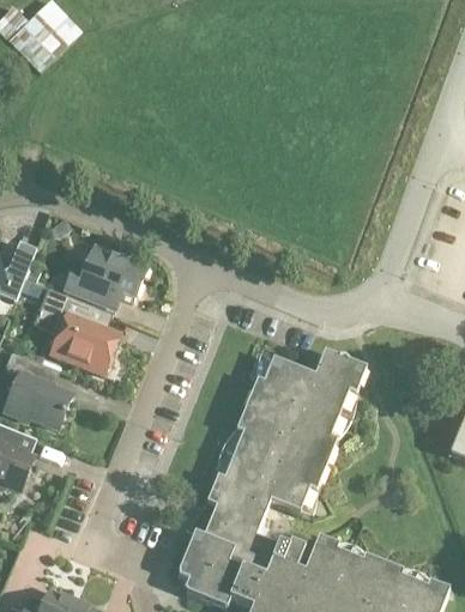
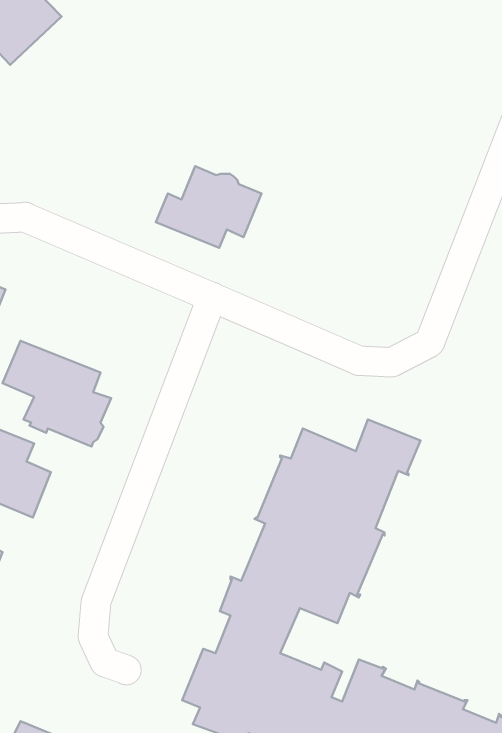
building: [64,244,147,309] -> [156,166,261,248]

